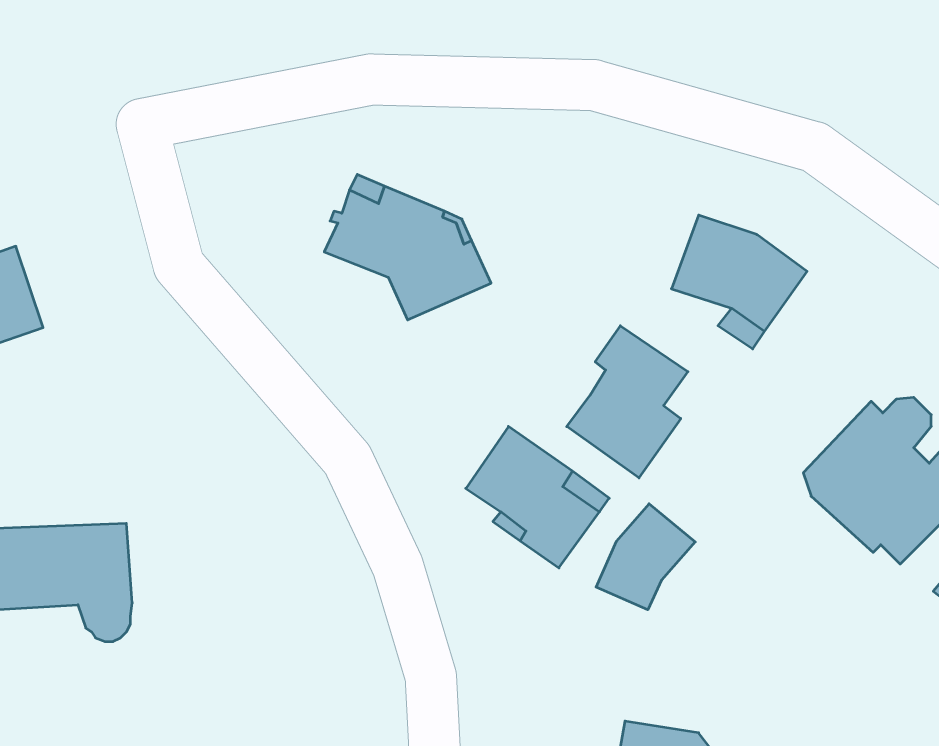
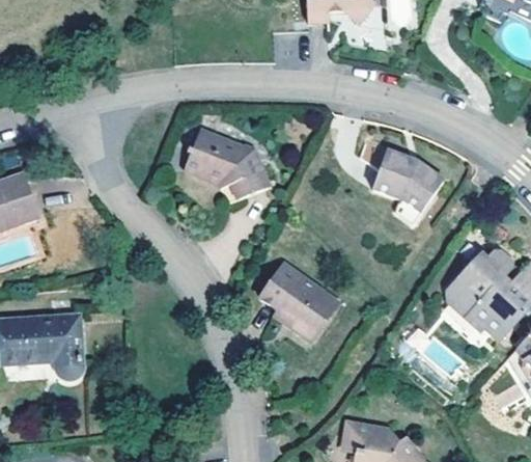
building: [567,326,688,478] -> none
building: [596,504,695,610] -> none

